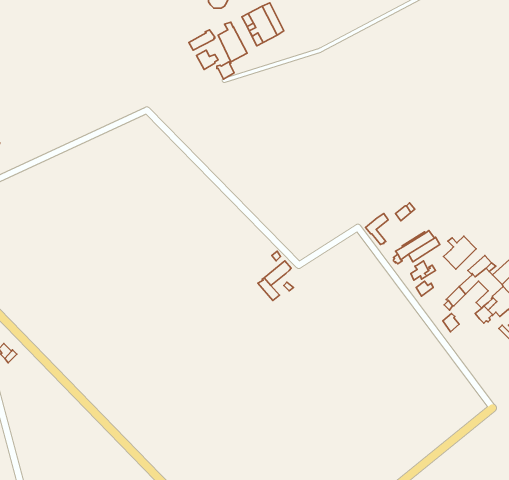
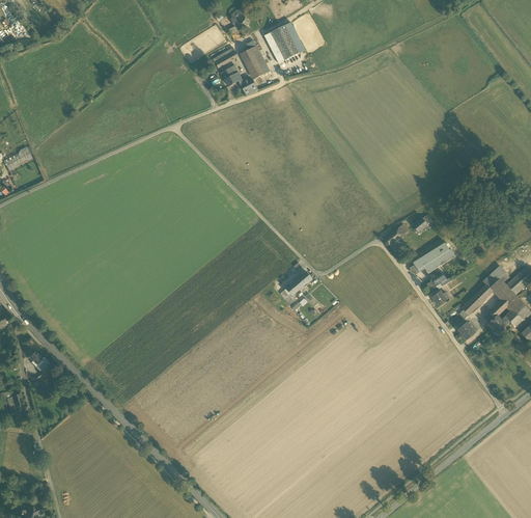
building: [444,236,476,269] -> none

